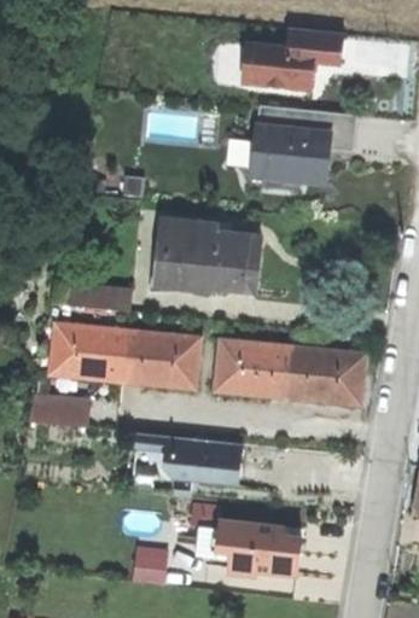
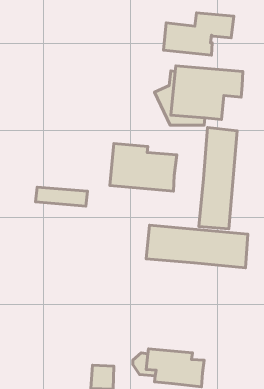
building: none -> [199,128,237,229]
building: [51,325,199,386] -> none
building: [30,398,89,427] -> none
building: [133,433,241,486] -> none

